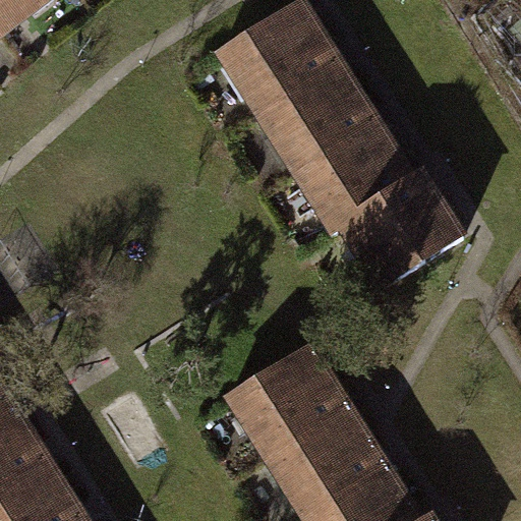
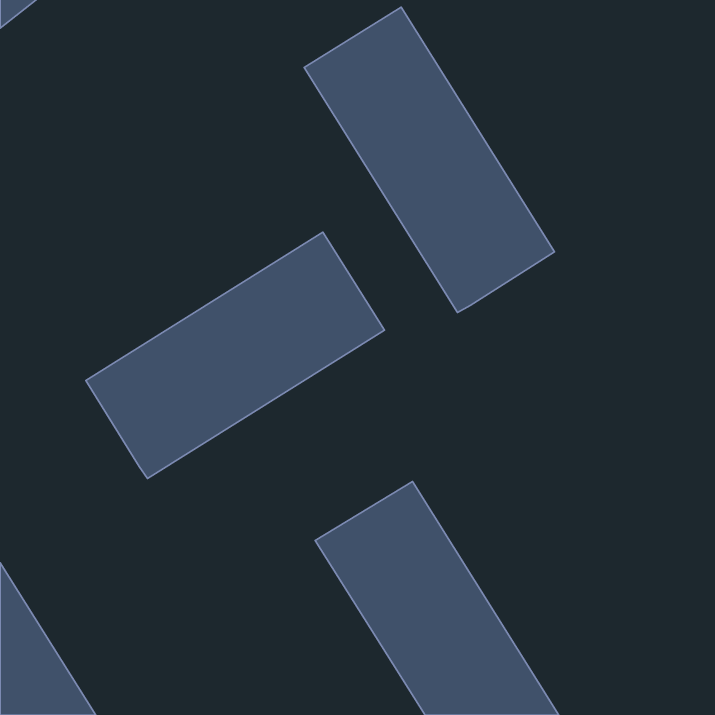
building: none -> [86,232,384,478]
building: [343,177,452,283] -> none

